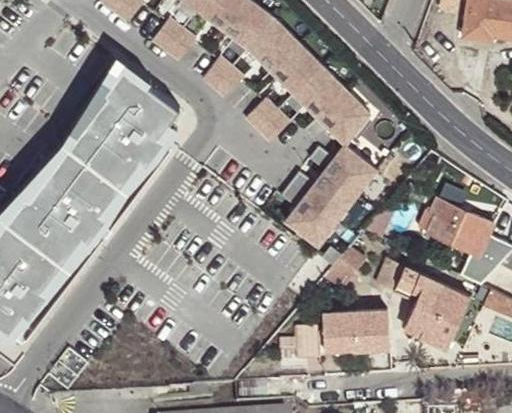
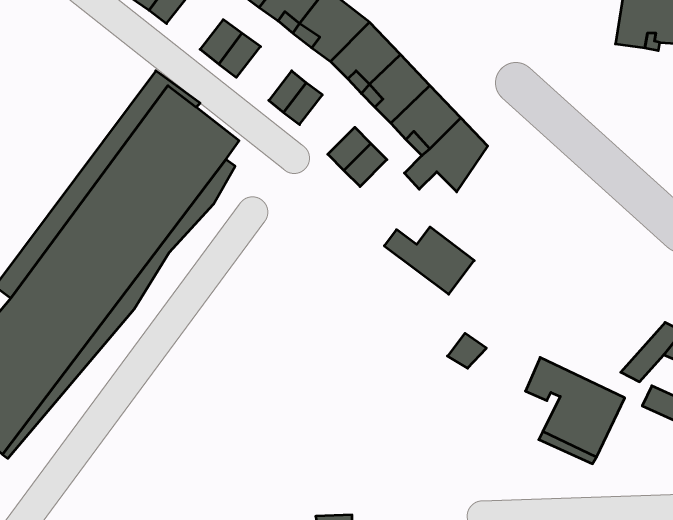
building: [309,145,377,196] -> none
building: [280,185,338,248] -> none
building: [420,200,492,256] -> none
building: [282,309,390,358] -> none

